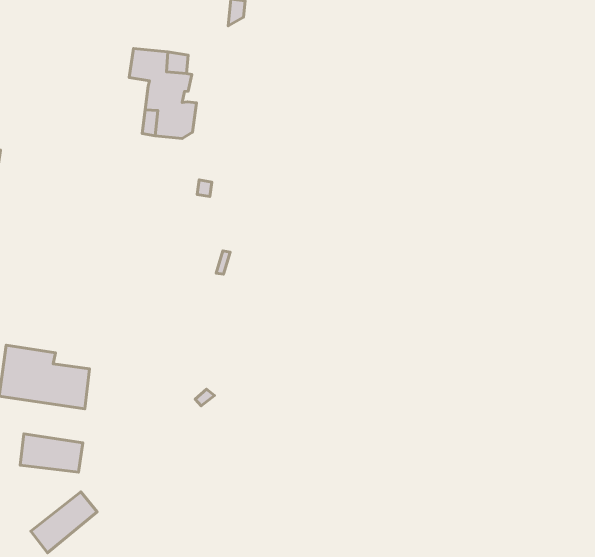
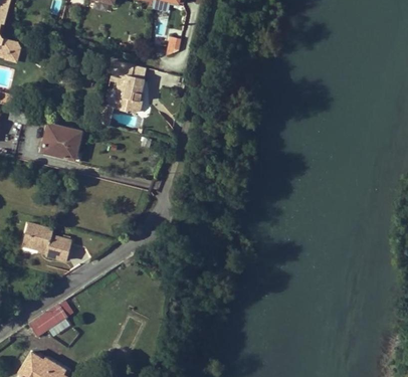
building: none -> [41,124,81,159]
building: [20,434,83,472] -> none

